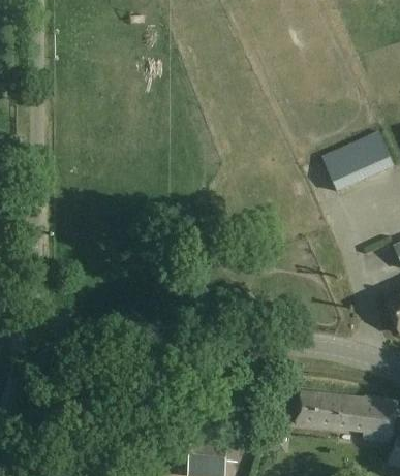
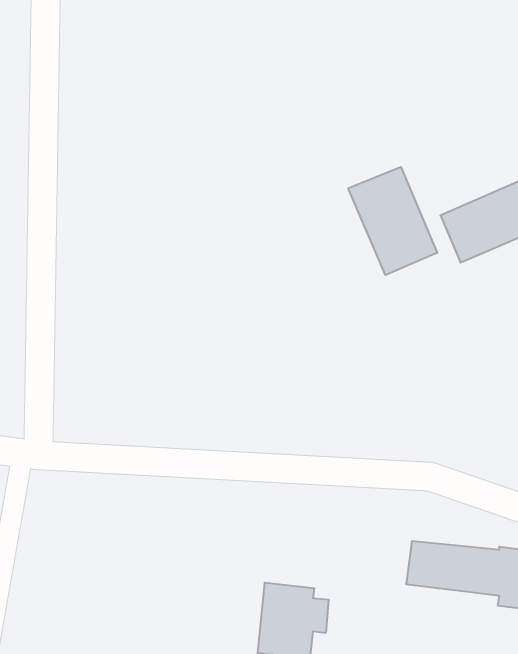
building: none -> [348,167,437,275]

